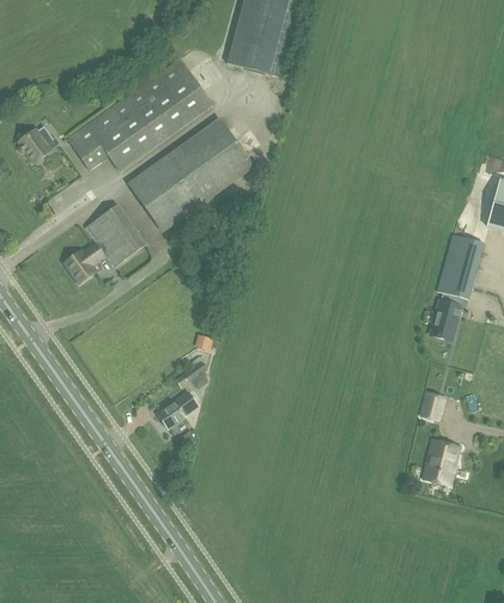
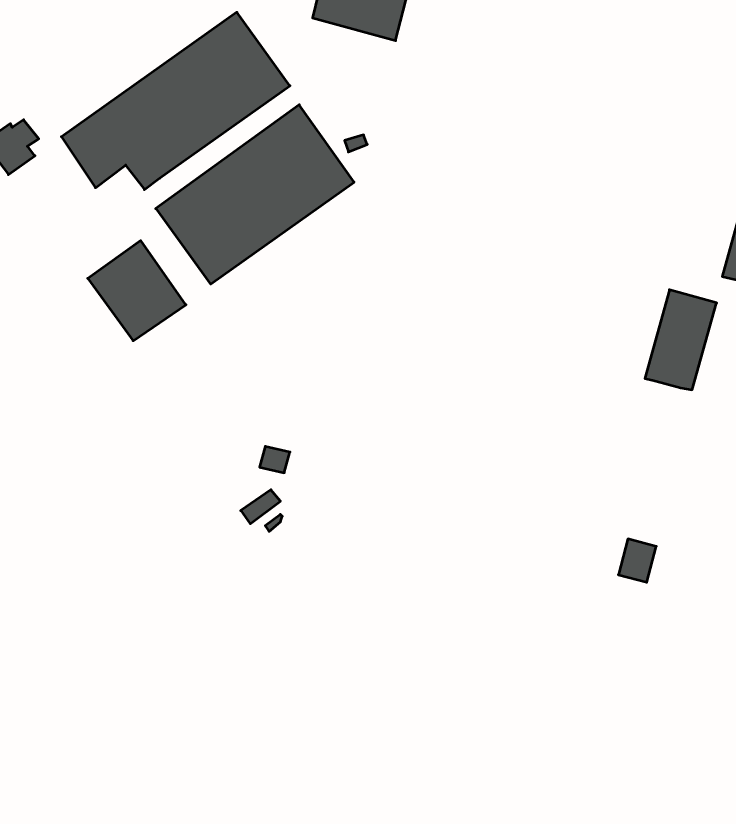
building: [65,244,103,281] -> none
building: [429,292,460,340] -> none
building: [157,391,196,428] -> none
building: [421,439,460,485] -> none

